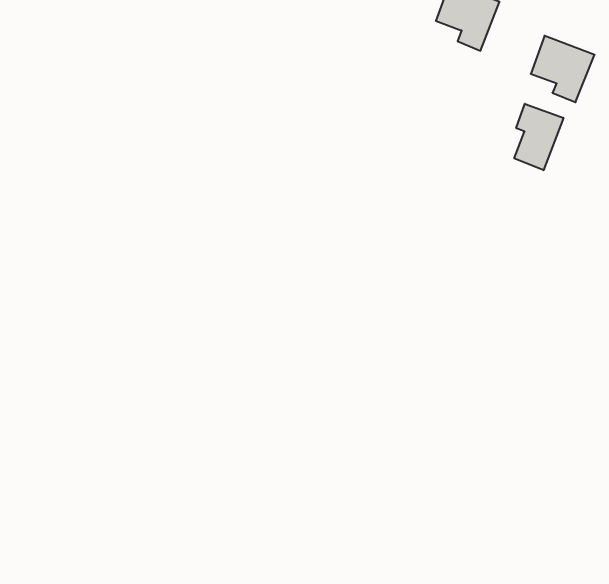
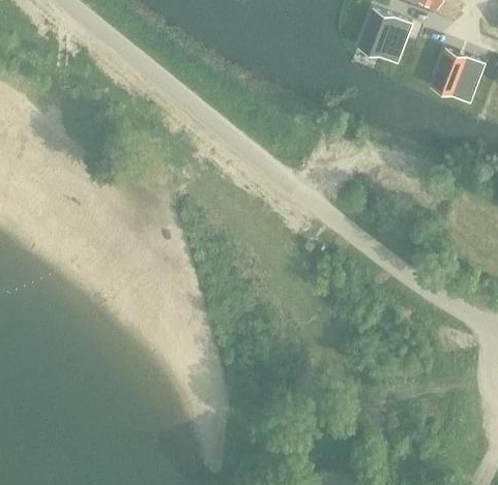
building: [514,104,563,170] -> none

